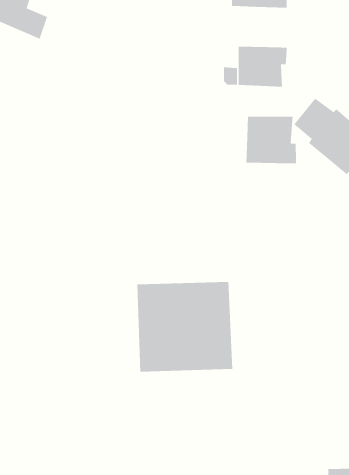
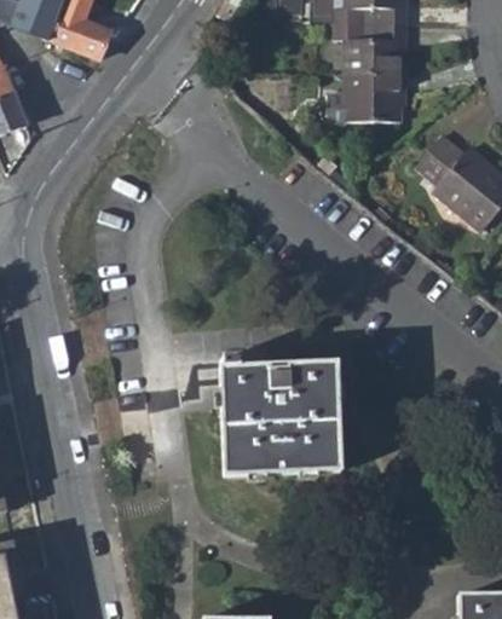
building: none -> [345,22,406,71]
building: [246,116,296,164] -> none

